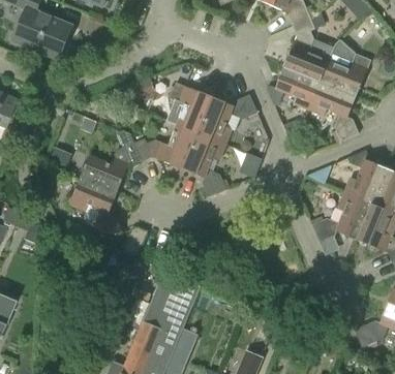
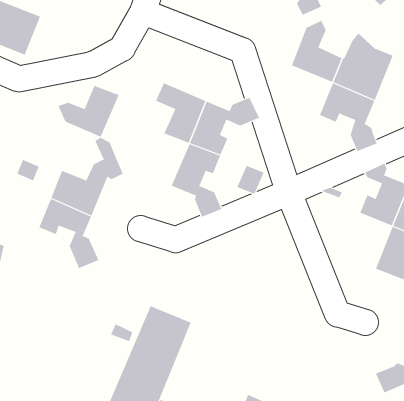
building: [267,67,320,110] -> none
building: [145,125,198,169] -> [57,85,120,138]
building: [311,192,370,254] -> none

